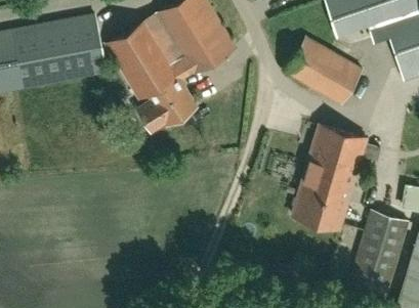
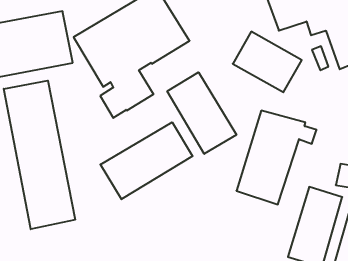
building: none -> [167,72,236,154]
building: none -> [4,81,75,229]
building: none -> [100,122,193,199]

